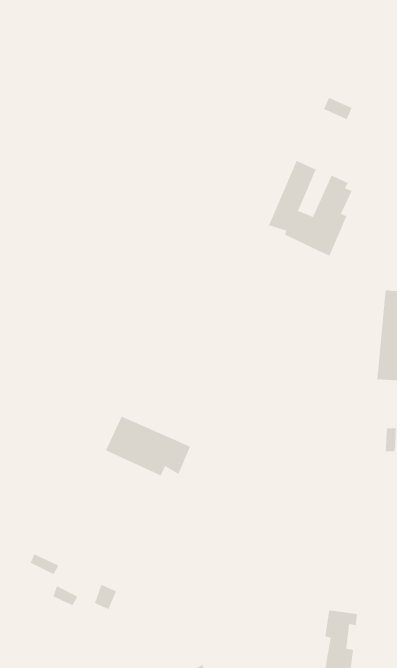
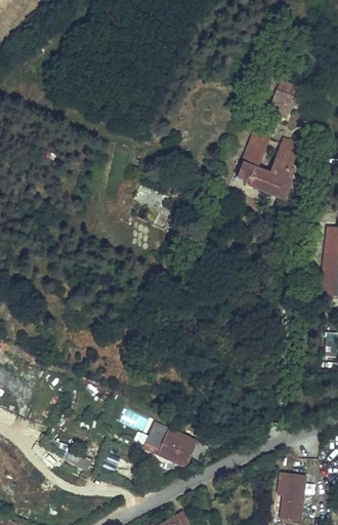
building: none -> [267,88,296,119]
building: [105,416,191,476] -> [141,423,207,470]

